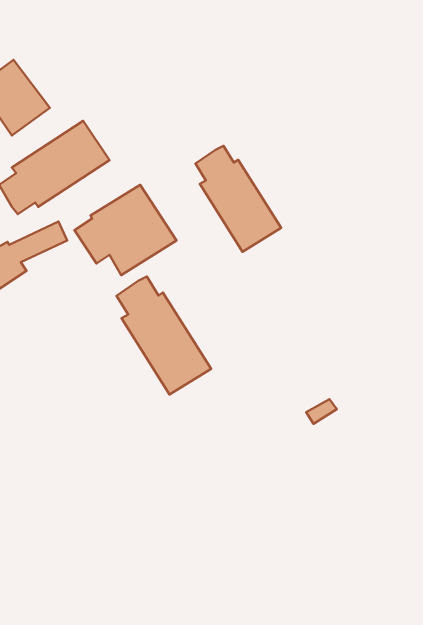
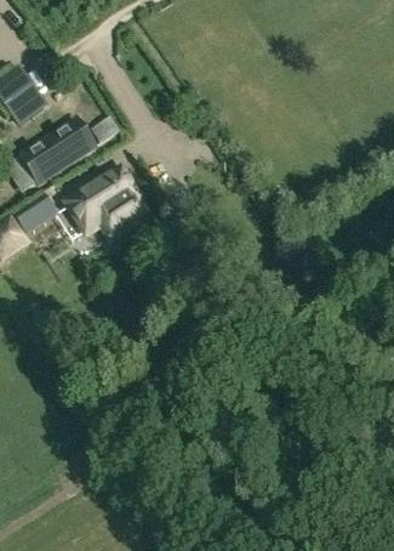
building: [195,146,281,252] -> none
building: [116,277,211,394] -> none

